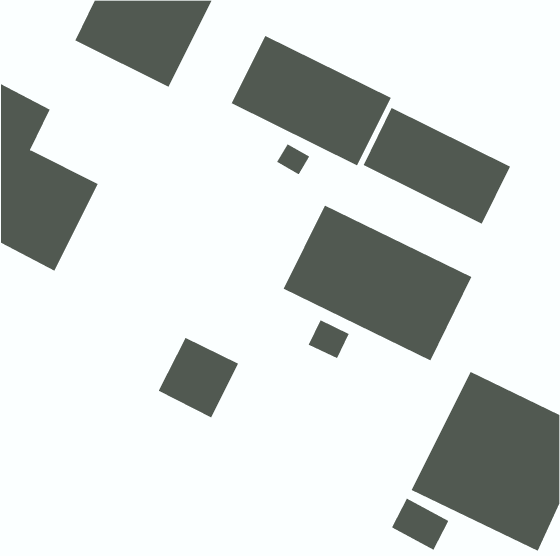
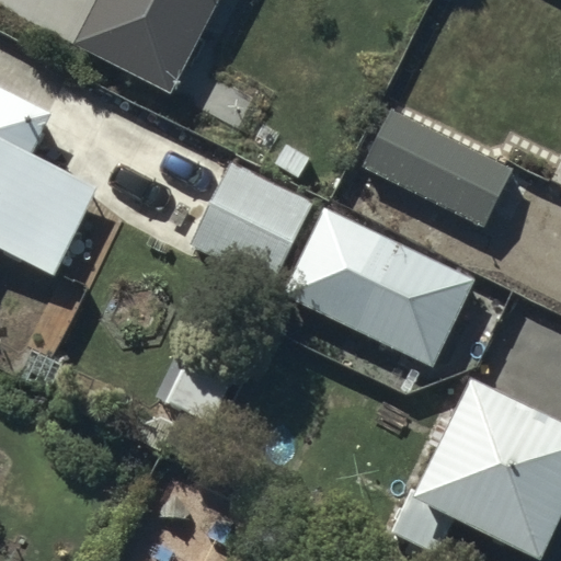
building: [231,35,392,166] -> none
building: none -> [195,165,310,279]

